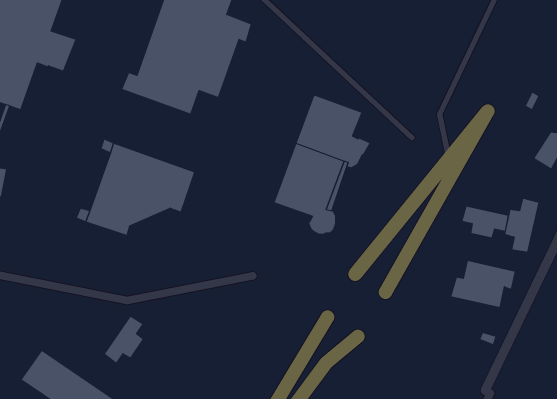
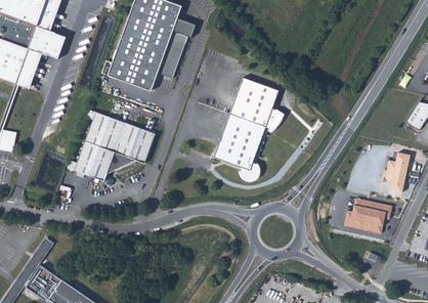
building: [462,206,508,238] -> none
building: [104,316,143,363] -> none

